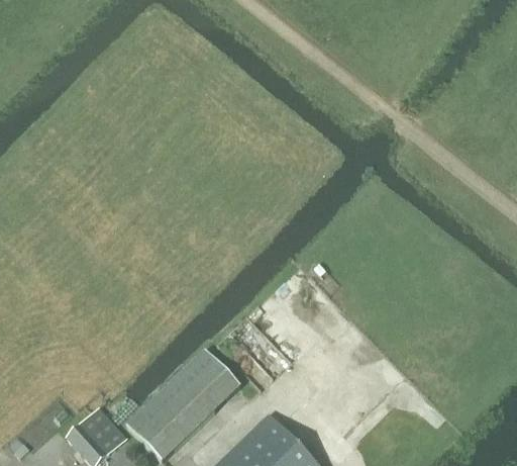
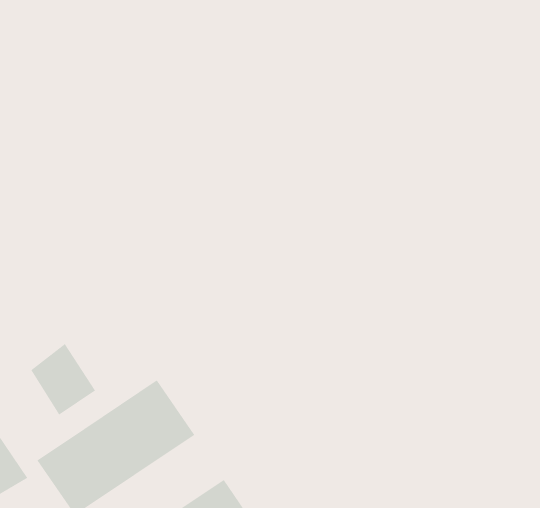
building: none -> [31,343,96,415]

